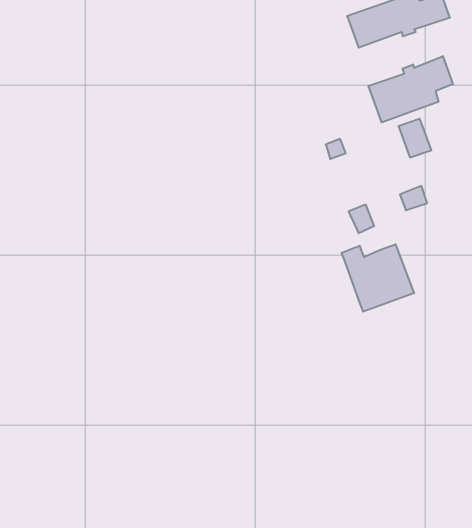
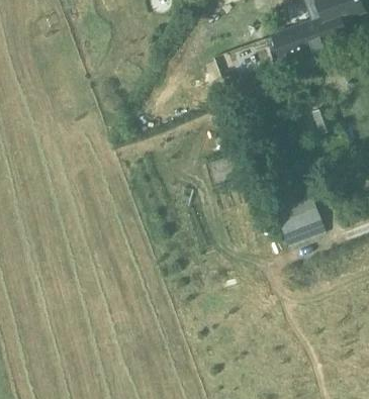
building: [369,56,453,122] -> none

